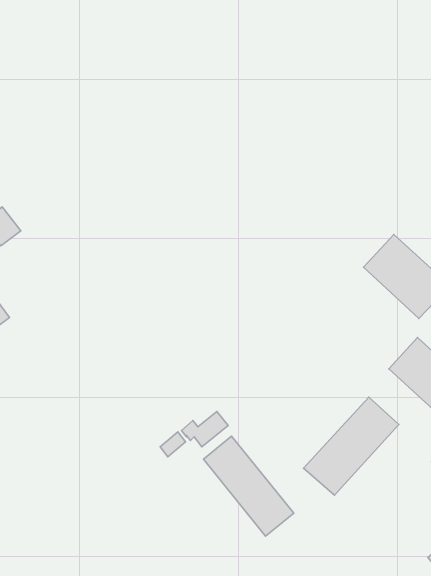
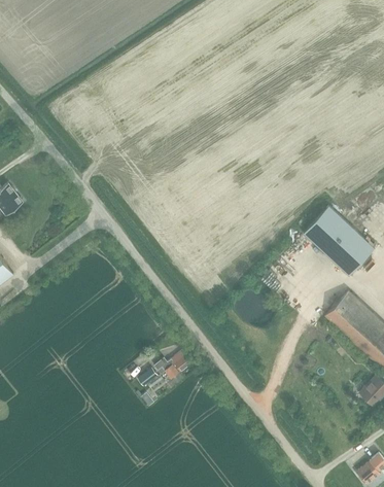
building: [303,397,399,495] -> none
building: [203,436,294,536] -> none

